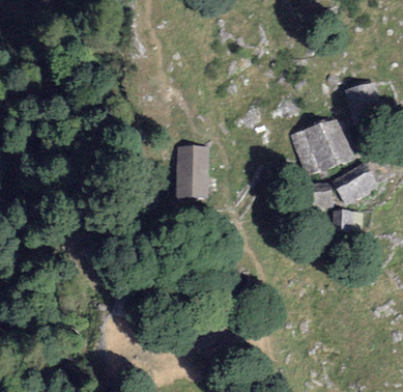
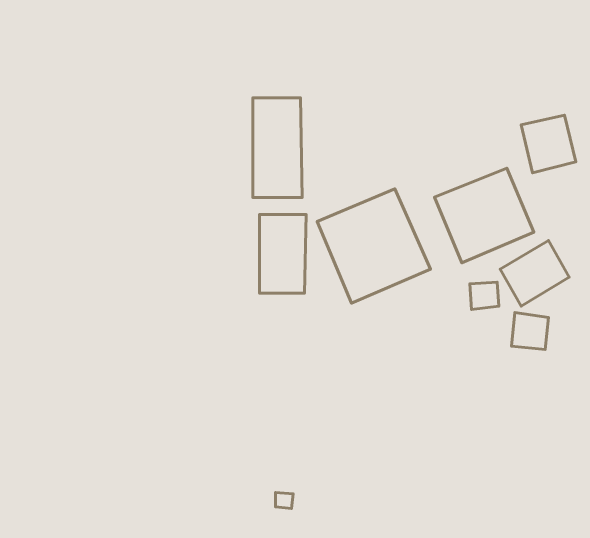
building: none -> [253,98,302,198]
building: none -> [317,189,431,303]

